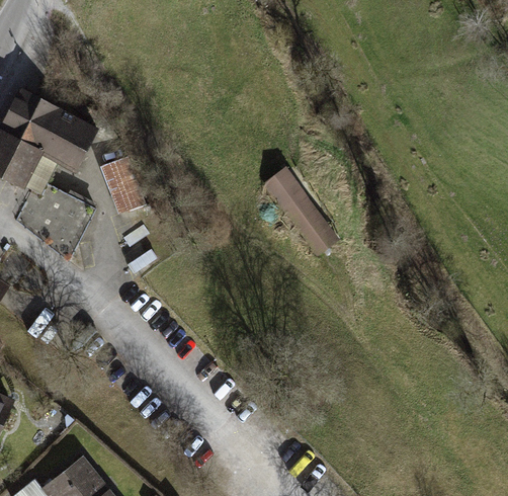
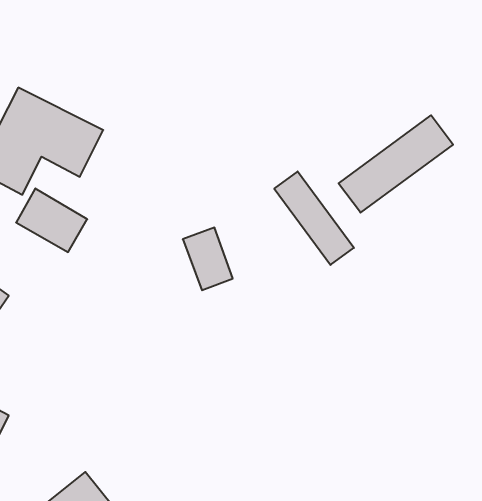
building: none -> [339,115,453,213]
building: [97,155,145,215] -> [183,228,233,290]

